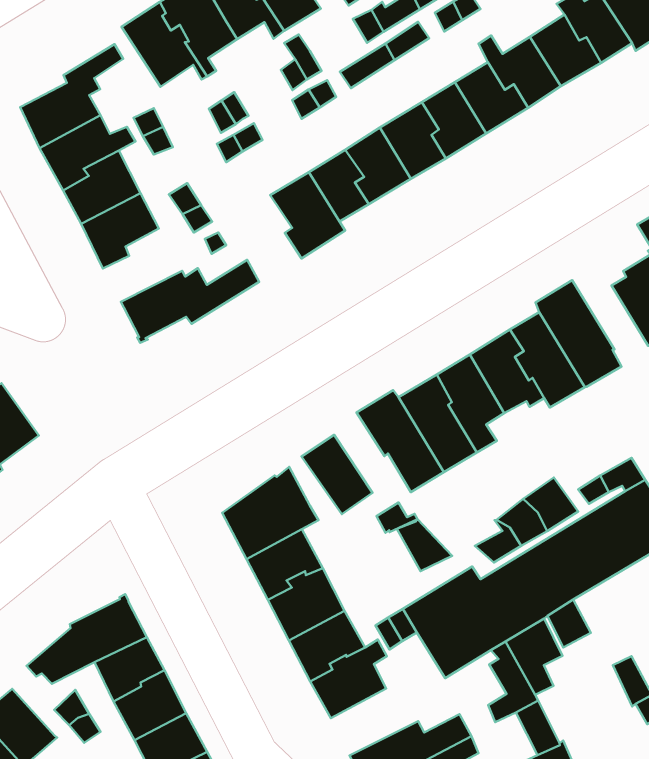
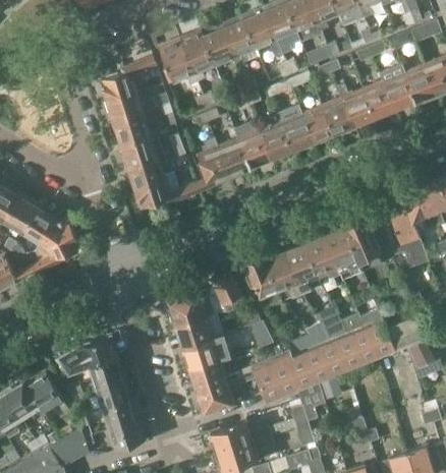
building: none -> [197,137,229,187]
building: none -> [128,151,170,186]

